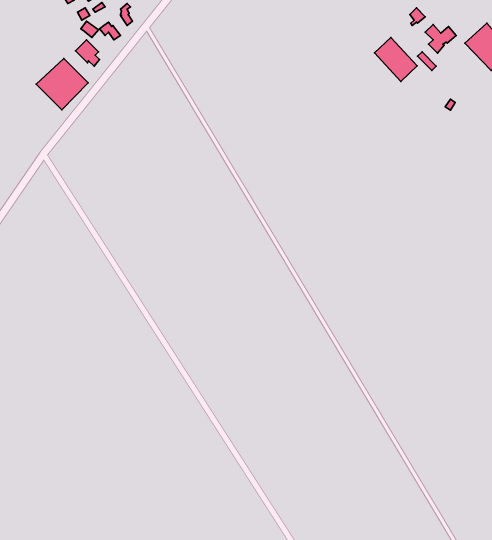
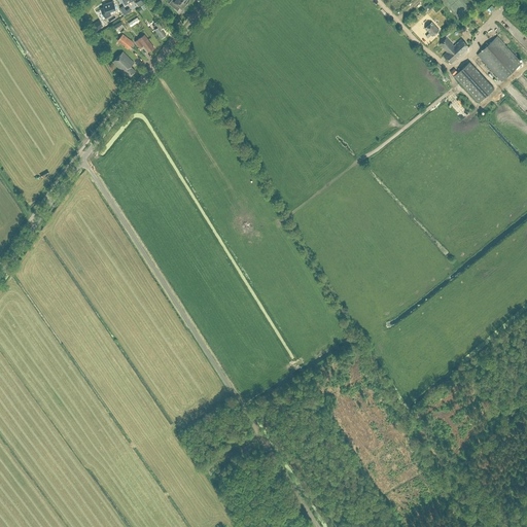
building: [374,37,417,81] -> [454,61,494,102]
building: [36,59,88,110] -> none

